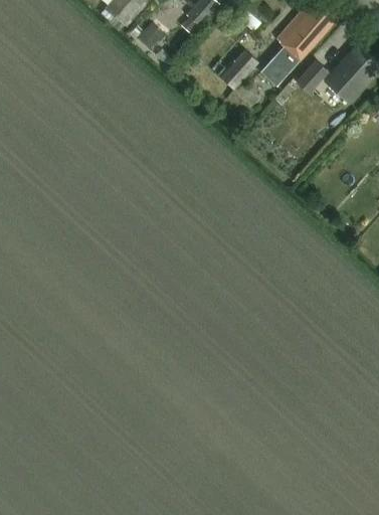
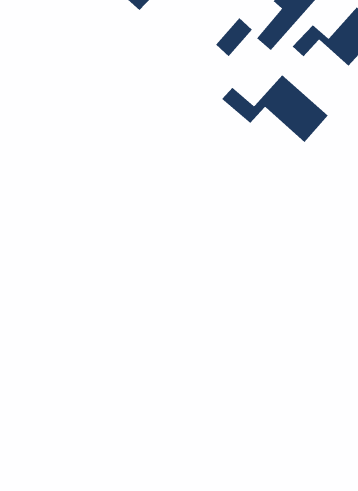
building: none -> [221,74,329,143]

